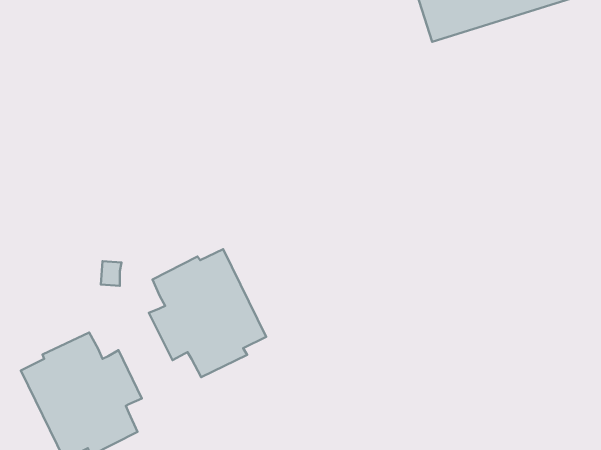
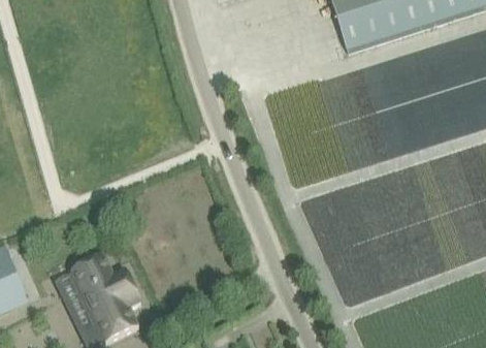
building: [149,249,266,377] -> none

